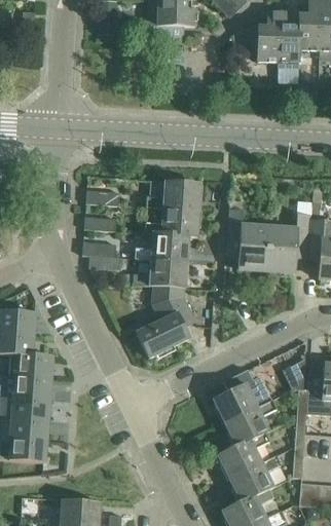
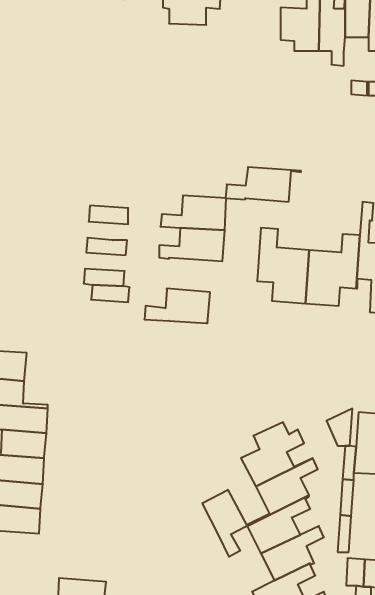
building: [135,232,197,261] -> [226,167,301,202]
building: [137,285,195,356] -> none
building: none -> [202,490,247,557]

